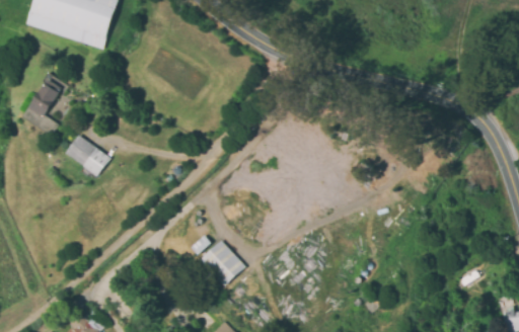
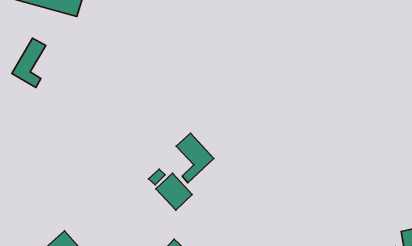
building: [65,134,109,176] -> none
building: none -> [176,133,214,183]

